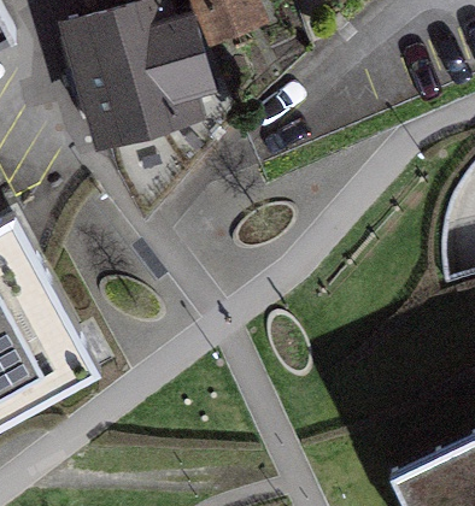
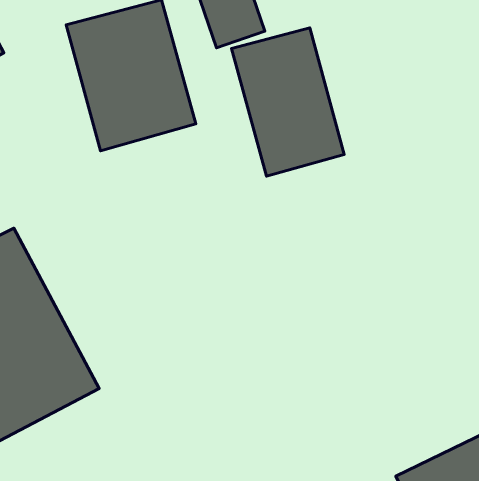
building: none -> [232,28,344,176]

